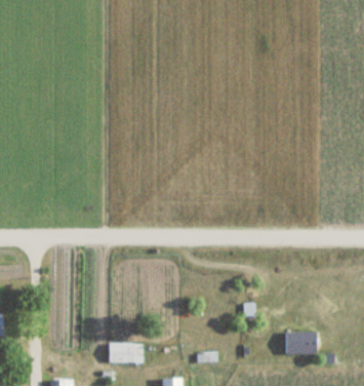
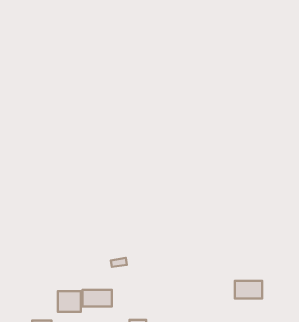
building: none -> [58,291,81,312]

